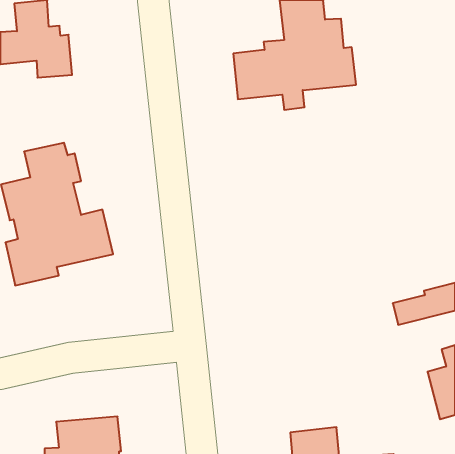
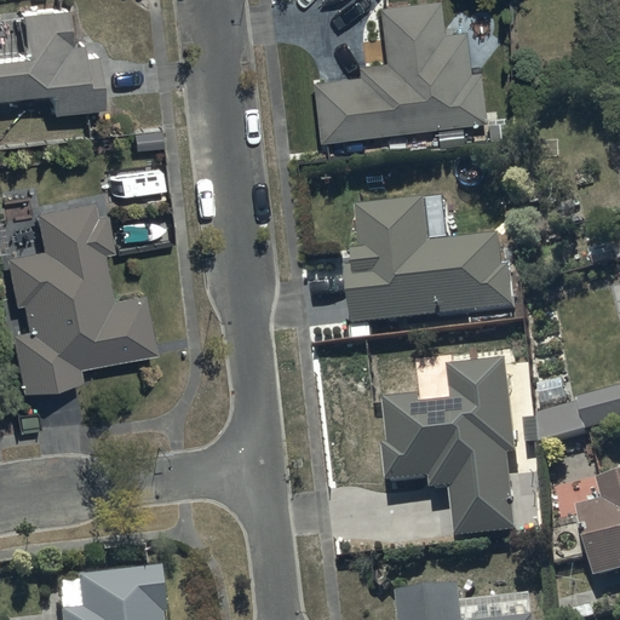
building: none -> [345,196,513,326]
building: none -> [381,355,518,538]

